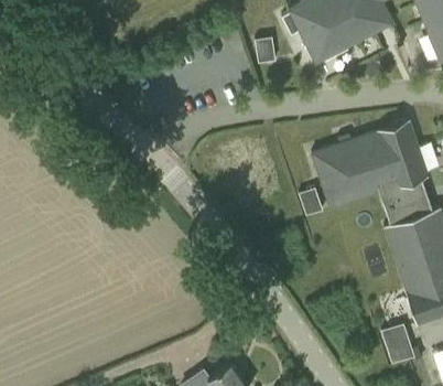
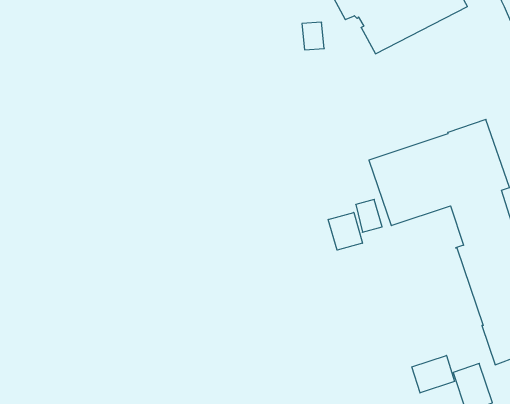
building: none -> [328,212,362,250]
building: none -> [412,355,455,393]

